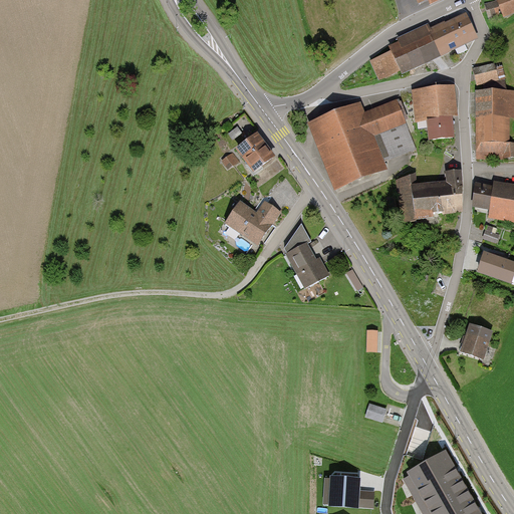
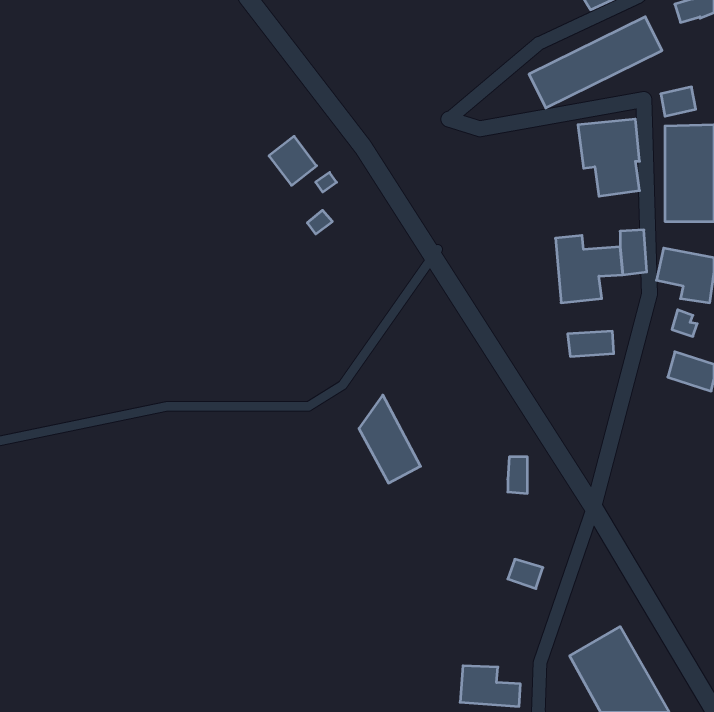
building: [314,97,415,184] -> none
building: [237,134,271,169] -> [269,136,317,185]
building: [430,196,463,214] -> [568,331,614,356]
building: [225,201,277,242] -> none
building: [283,223,327,286] -> [359,395,421,483]
building: [463,322,495,357] -> none

